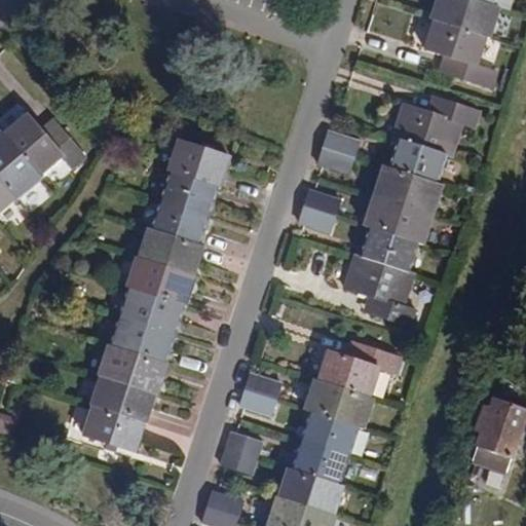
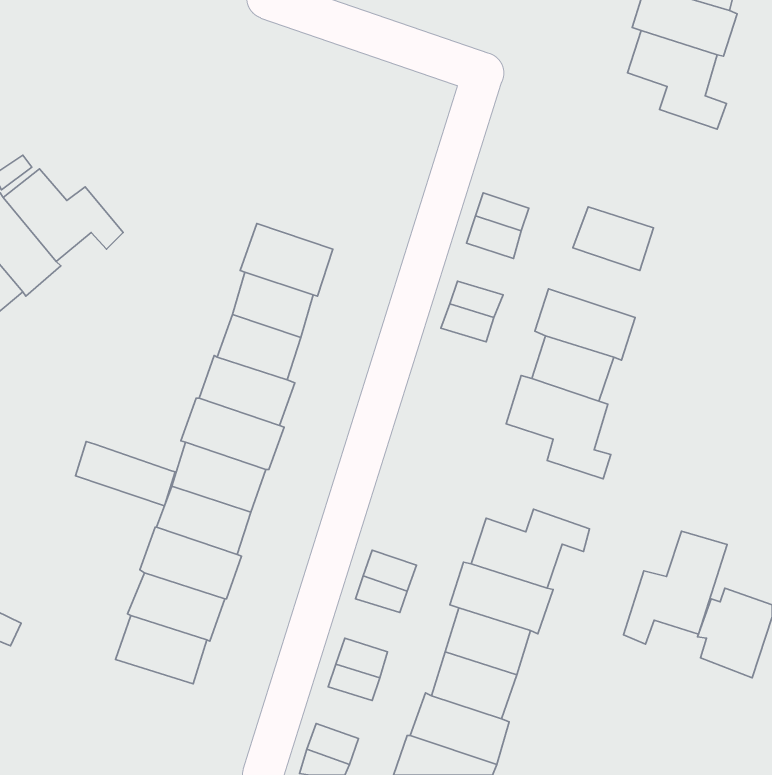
building: [389,98,476,156] -> none
building: [371,166,439,215] -> none
building: none -> [76,442,175,506]
building: none -> [623,531,727,644]

